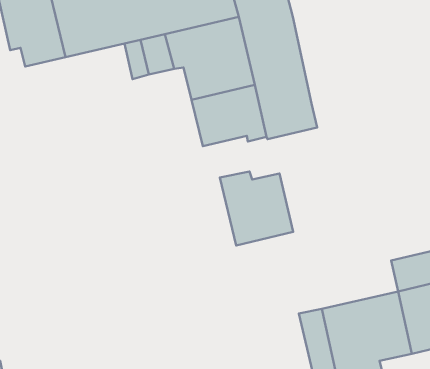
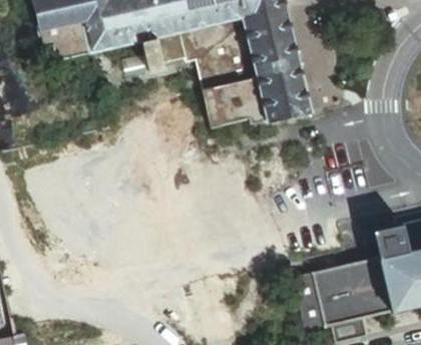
building: [220,171,293,245] -> none

